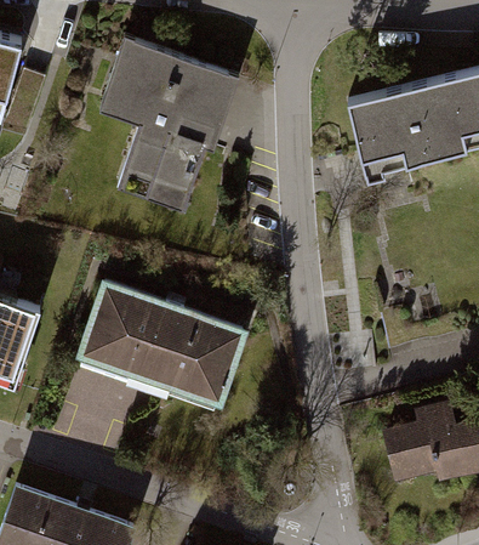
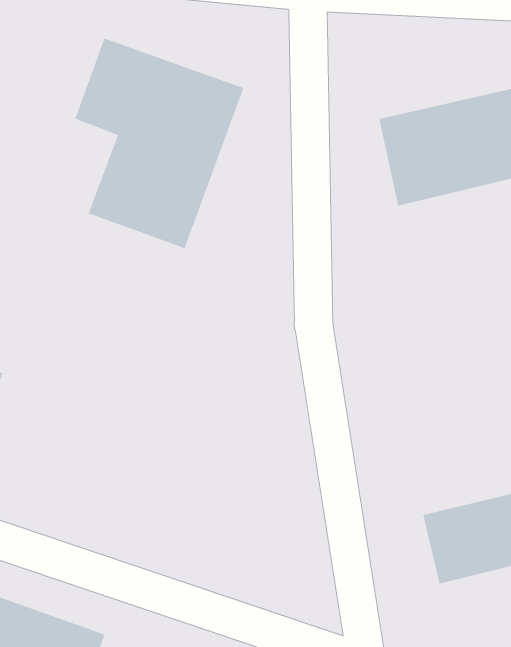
building: [78,282,246,409] -> none

